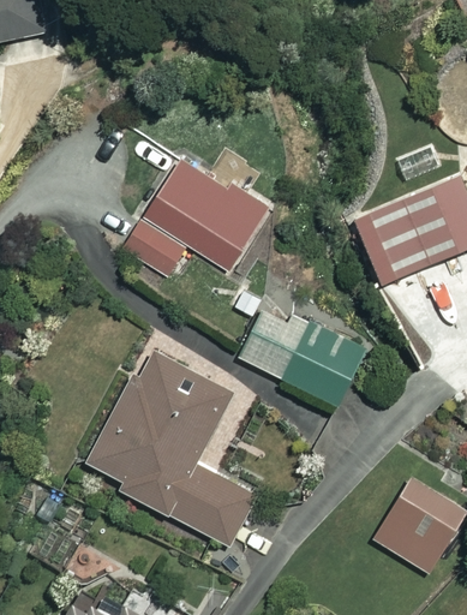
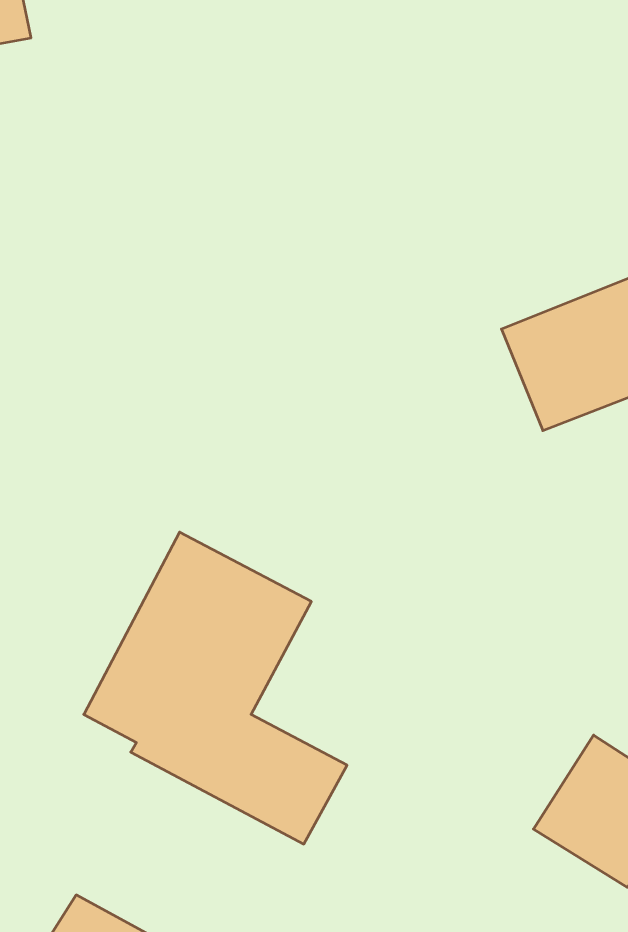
building: [127,161,265,274] -> none
building: [238,305,367,407] -> none

